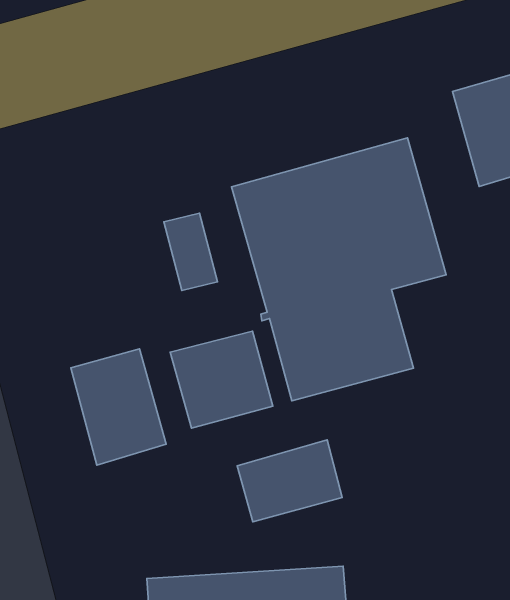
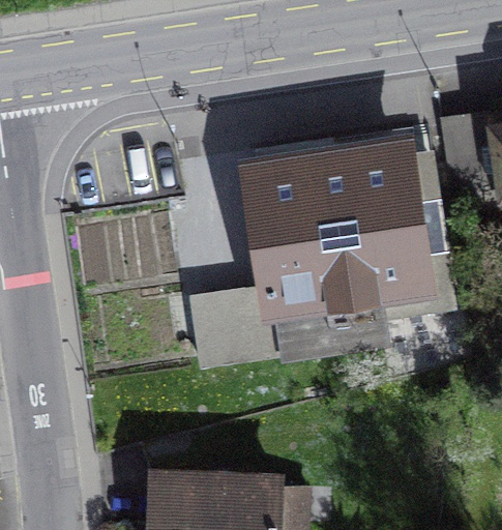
building: [71,349,166,465] -> none
building: [237,440,342,522] -> none

